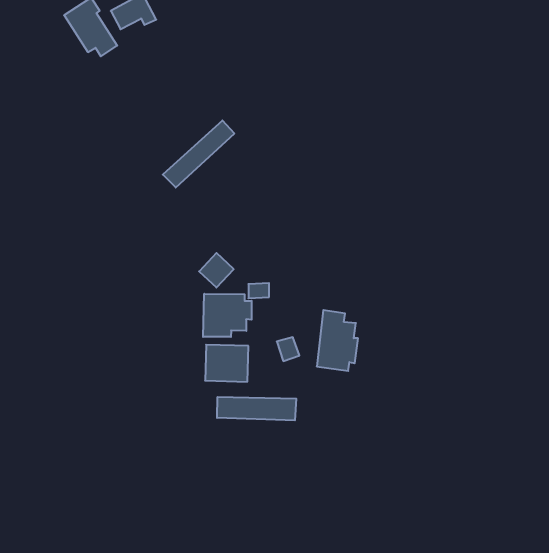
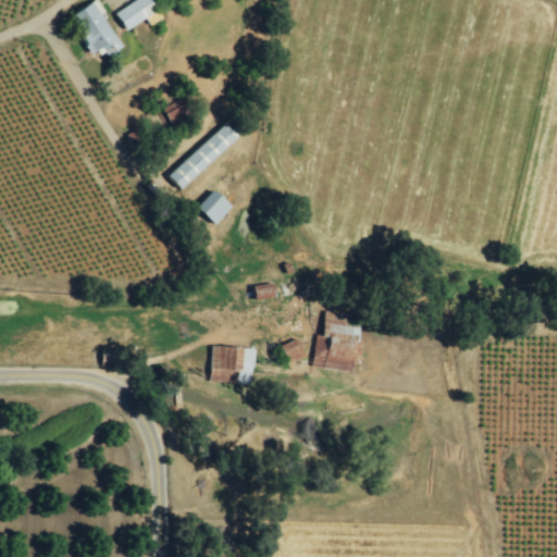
building: [199,253,234,288] -> [197,189,232,224]
building: [203,294,252,337] -> none
building: [217,397,296,420] -> none

